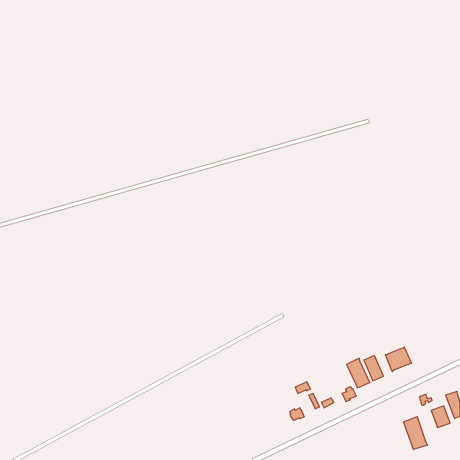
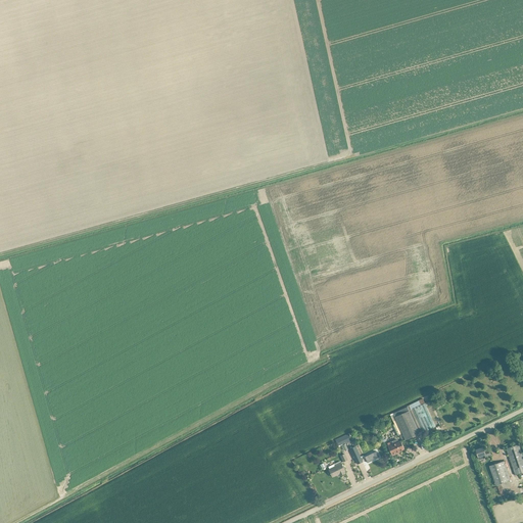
building: [385,347,411,372] -> none
building: [404,417,428,450] -> none

